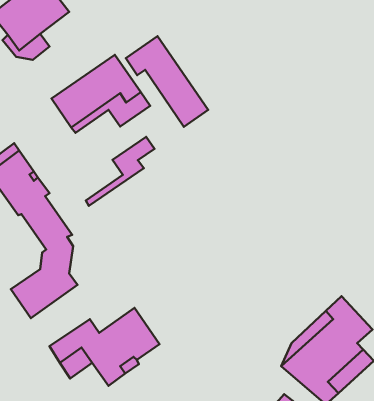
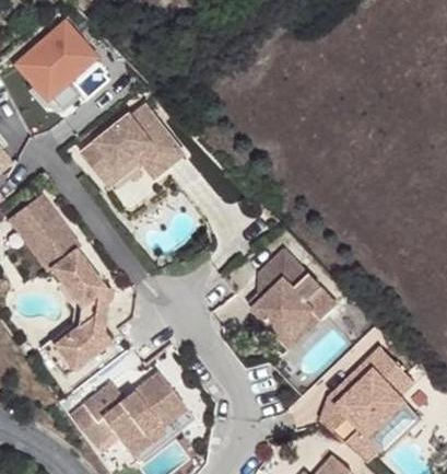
building: [126,36,208,127] -> none
building: [86,137,154,206] -> none
building: none -> [251,243,337,344]

